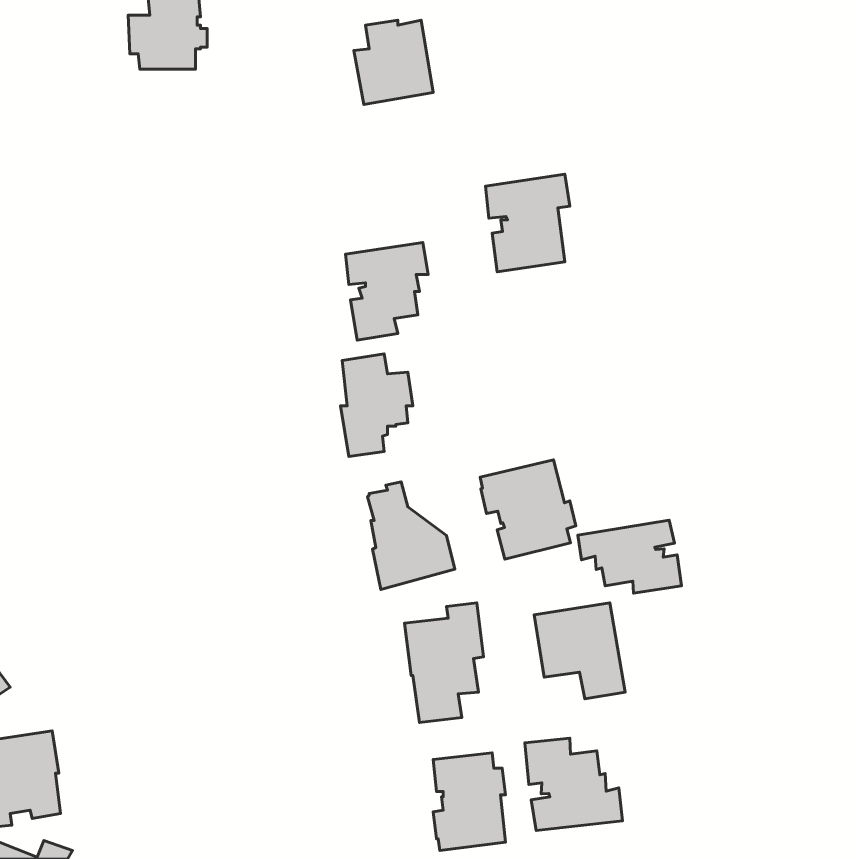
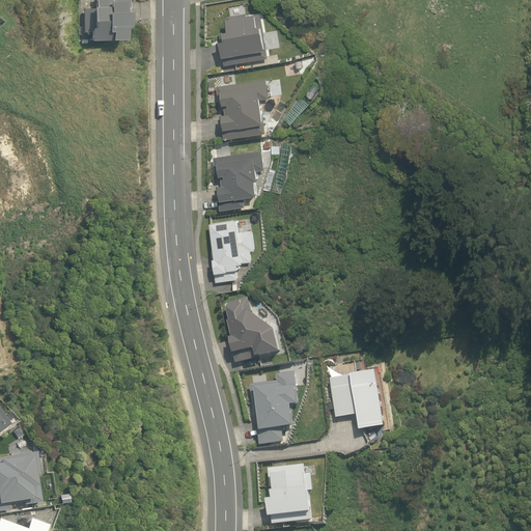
building: [486,174,570,272] -> [216,78,268,138]
building: [480,460,576,559] -> none
building: [578,520,681,593] -> none
building: [525,738,622,831] -> none

